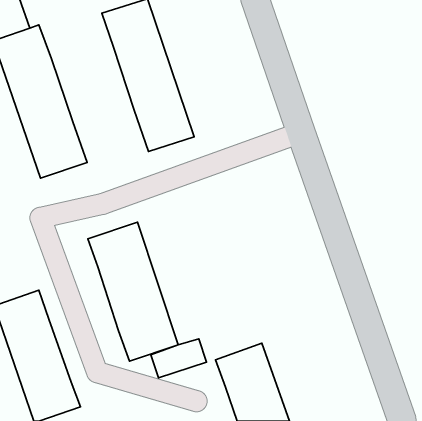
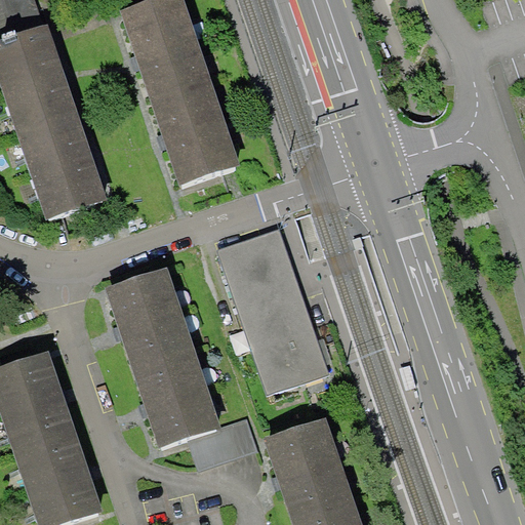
building: none -> [214,228,325,392]

